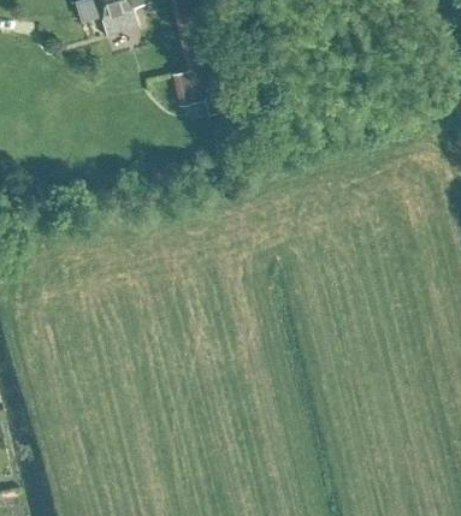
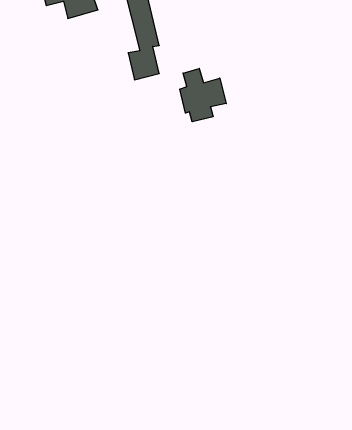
building: none -> [180,68,226,122]

